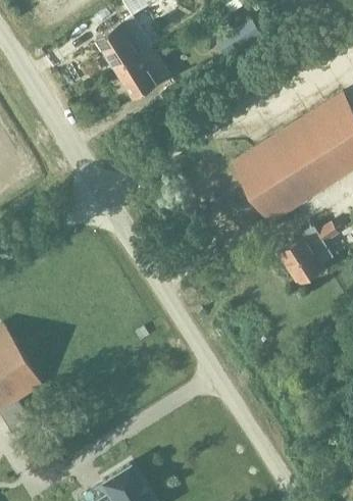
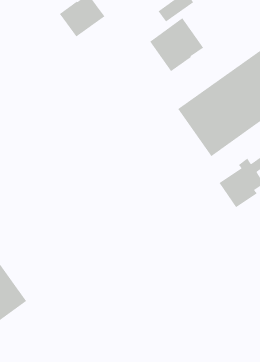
building: [115,46,171,100] -> none
building: none -> [149,17,204,72]

